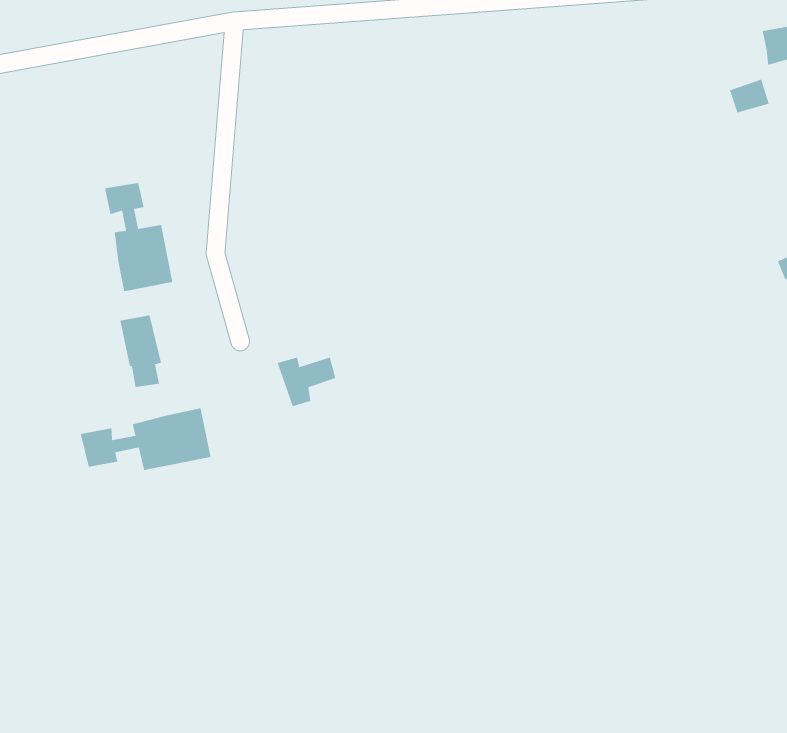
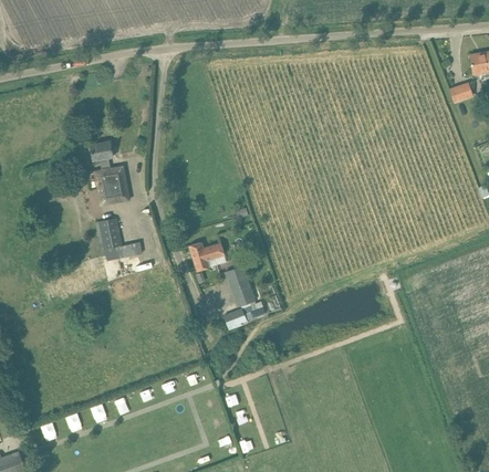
building: none -> [223,266,263,328]
building: [80,408,211,471] -> none

